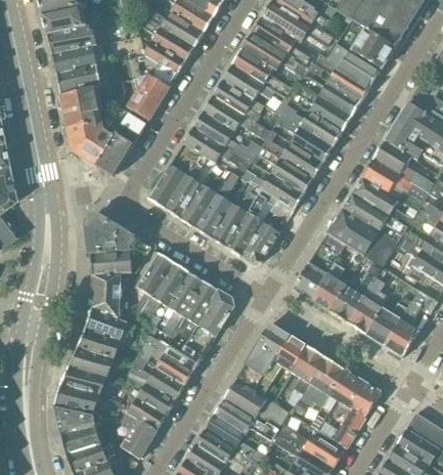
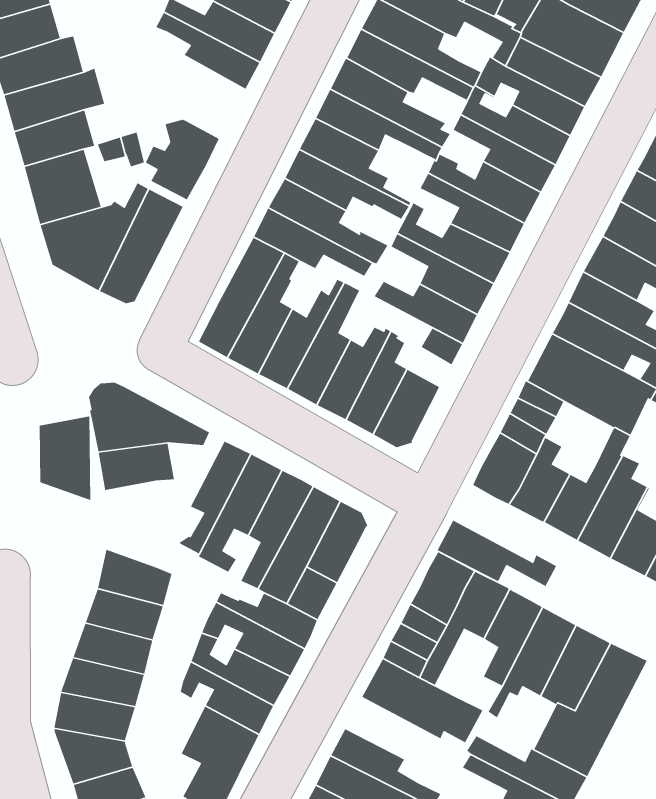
building: [145,39,185,86] -> none
building: [89,271,120,318] -> [39,415,91,501]
building: [213,398,278,439] -> [437,520,557,587]

